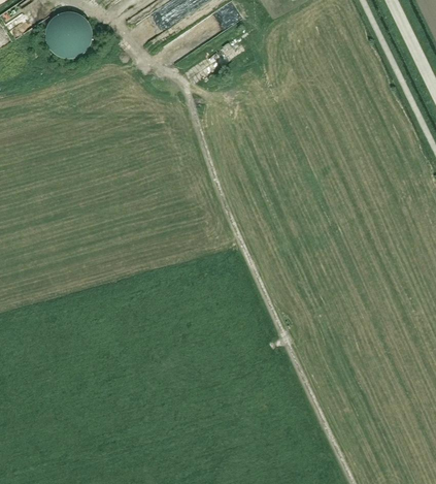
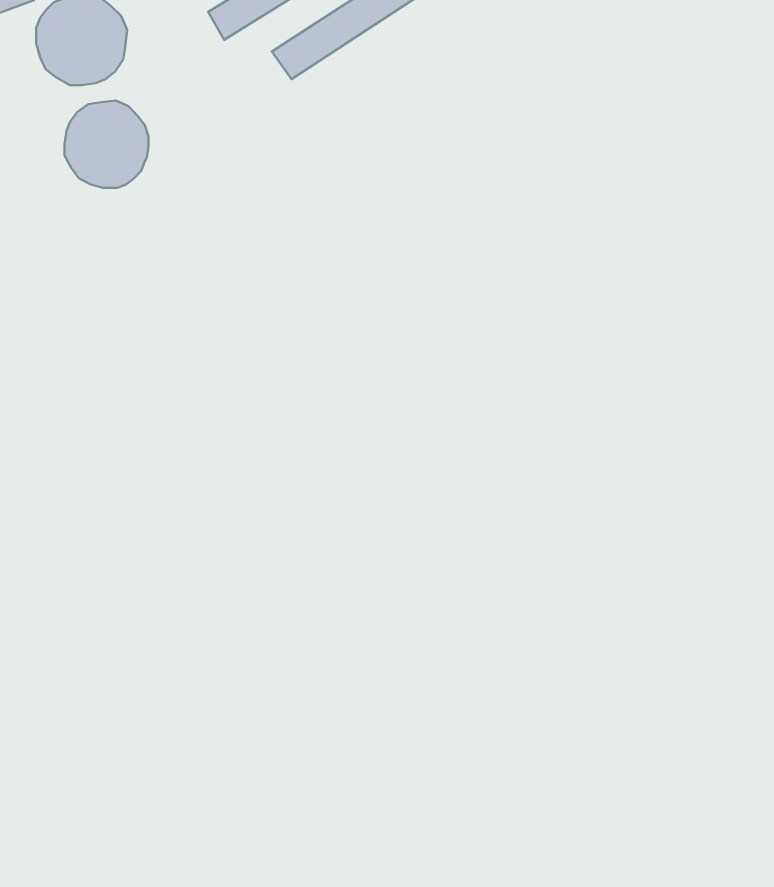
building: none -> [65,100,149,188]

